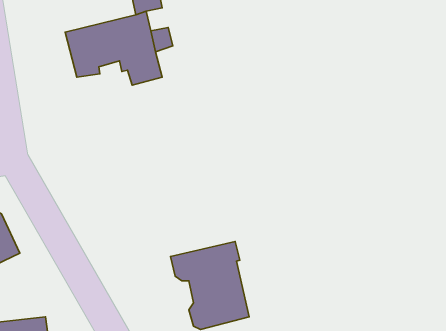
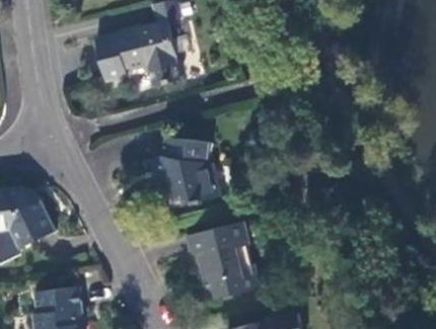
building: none -> [157,137,217,204]

